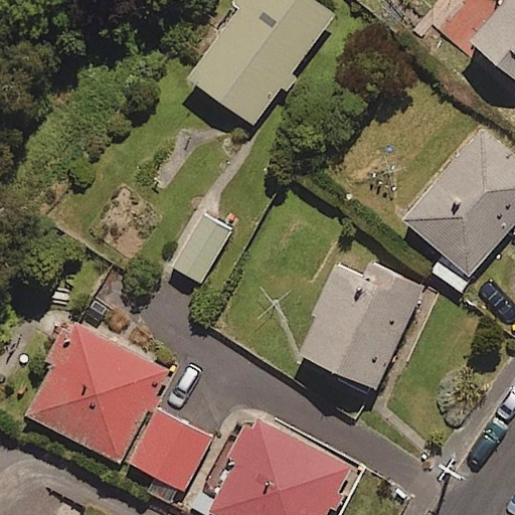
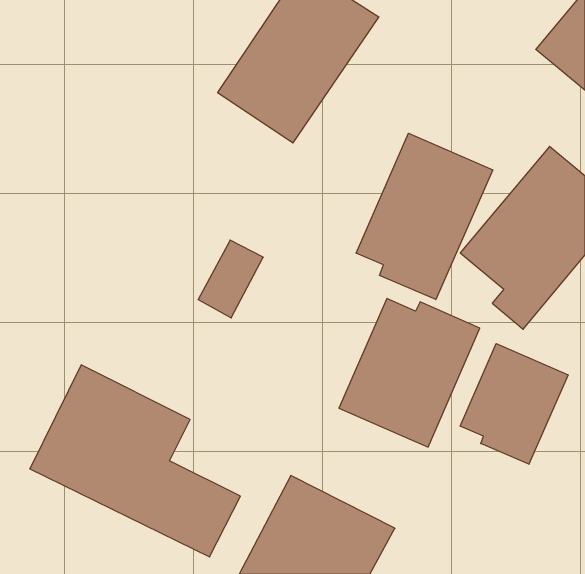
building: none -> [356,133,493,300]
building: none -> [460,344,568,464]

